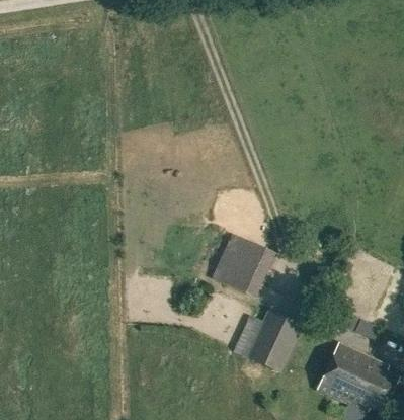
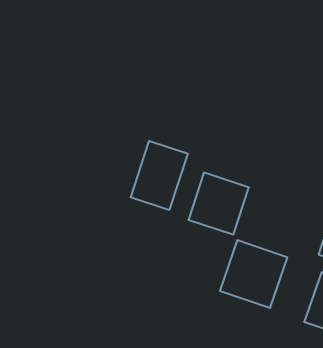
building: none -> [131,141,188,210]

